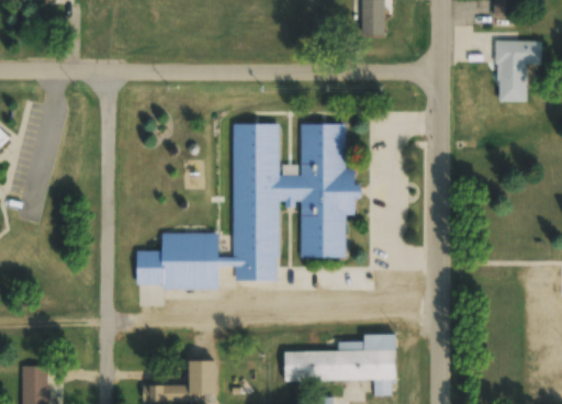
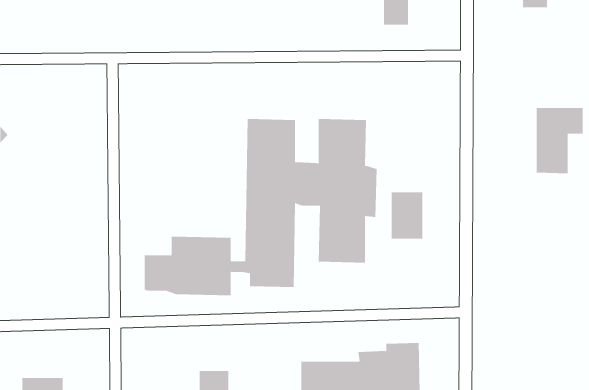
building: [496,41,541,103] -> [536,107,584,174]
building: none -> [391,191,423,239]

